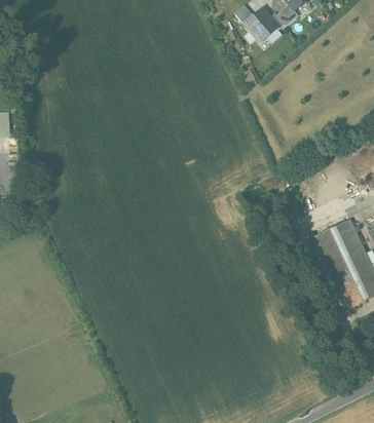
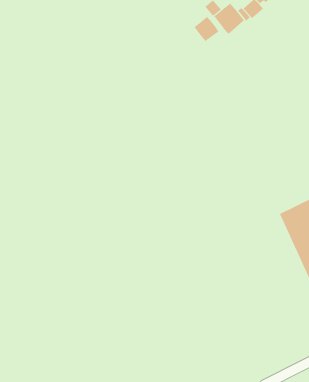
building: none -> [194,16,219,42]

